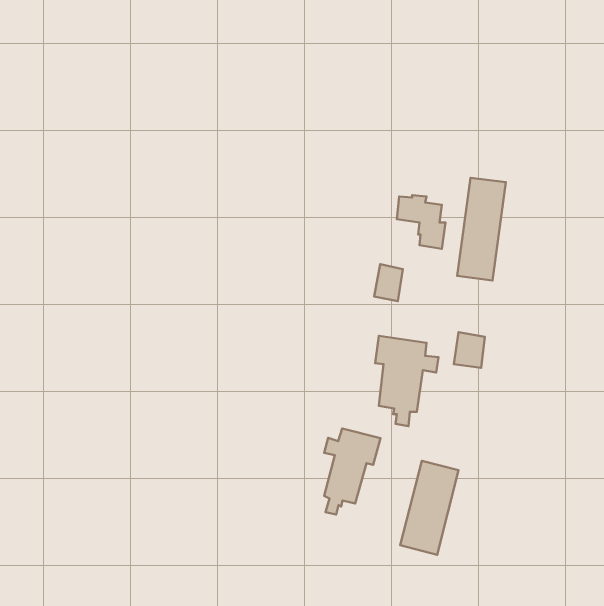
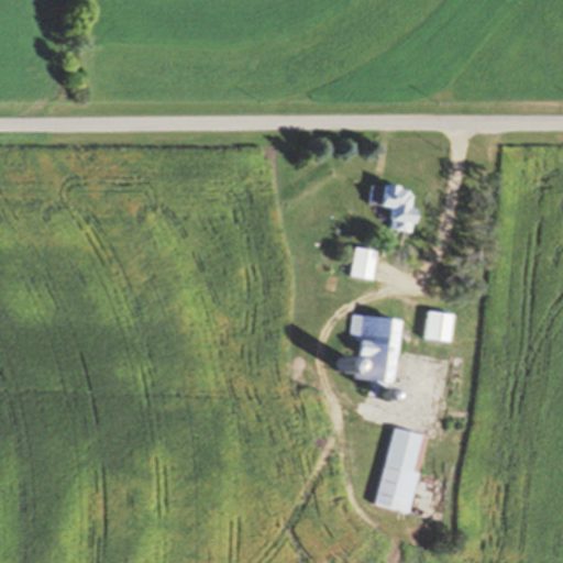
building: [457,178,506,280] -> none
building: [324,429,380,514] -> none

